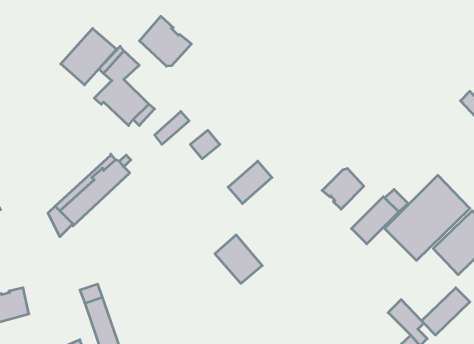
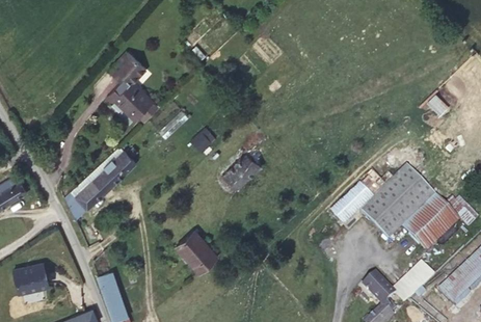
building: [139,16,191,66] -> none
building: [61,28,116,85] -> none
building: [322,168,364,209] -> none
building: [215,235,262,283] -> [176,229,217,271]

